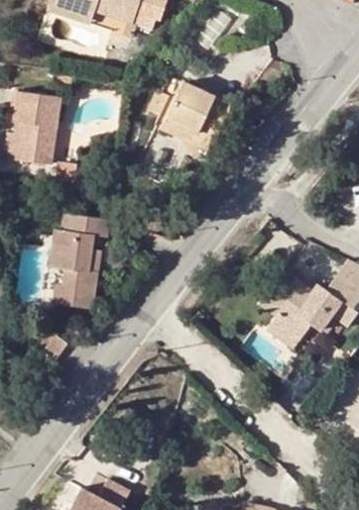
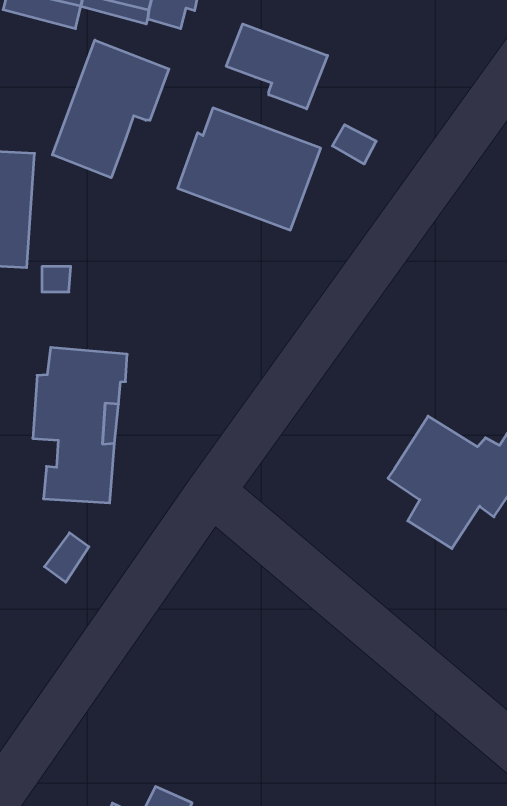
building: none -> [226,24,328,109]
building: none -> [52,40,169,178]

